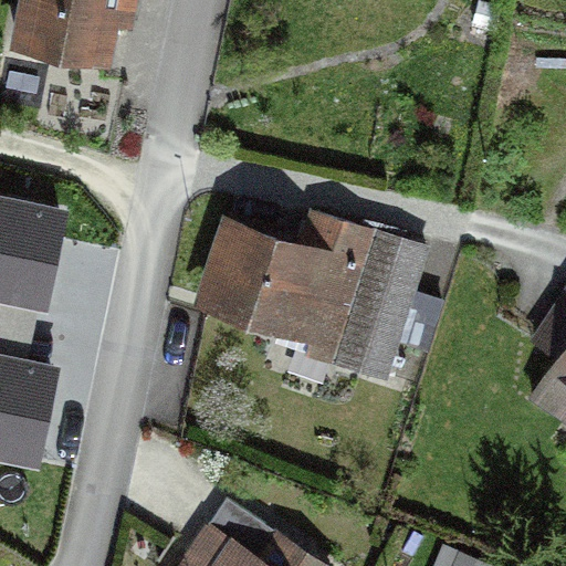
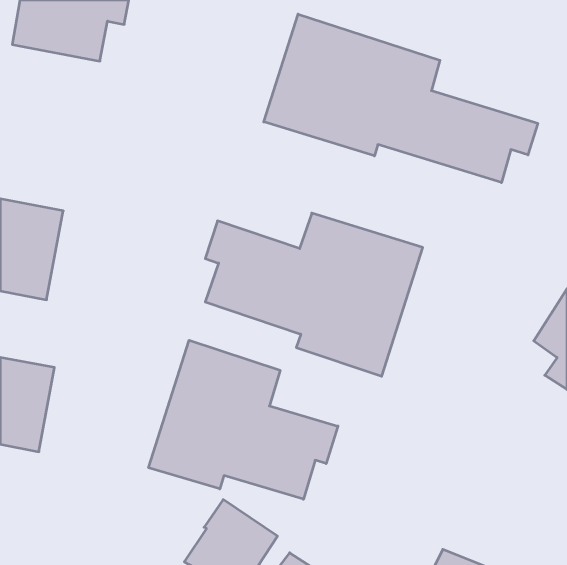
building: none -> [264,14,538,183]
building: none -> [149,340,338,499]

